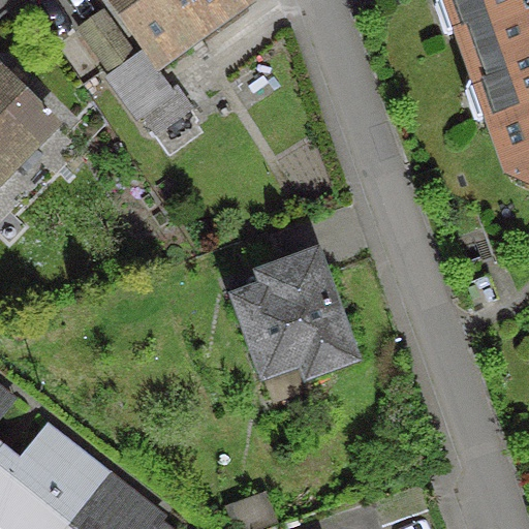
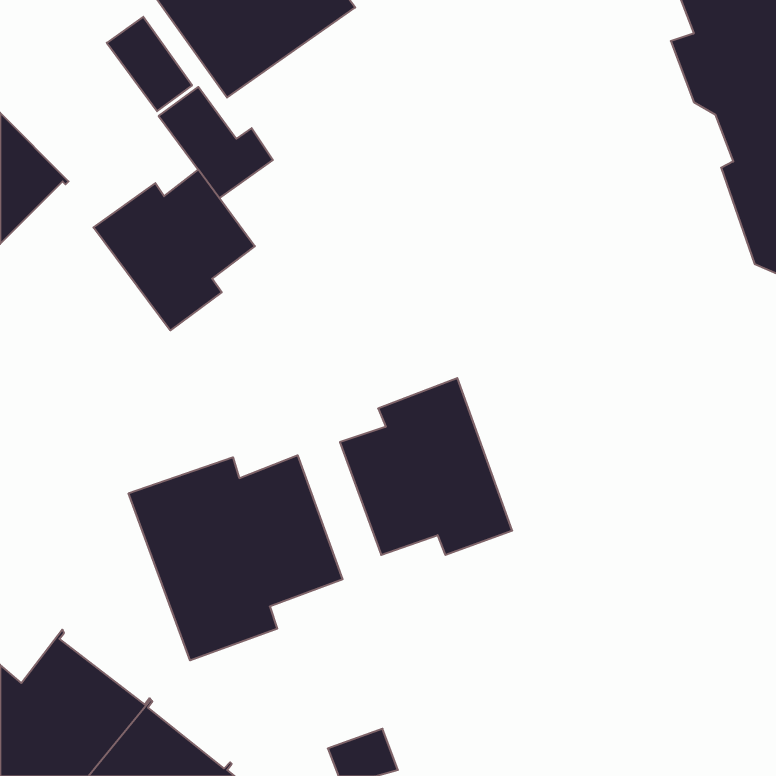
building: none -> [93,170,255,330]
building: none -> [129,455,343,660]

